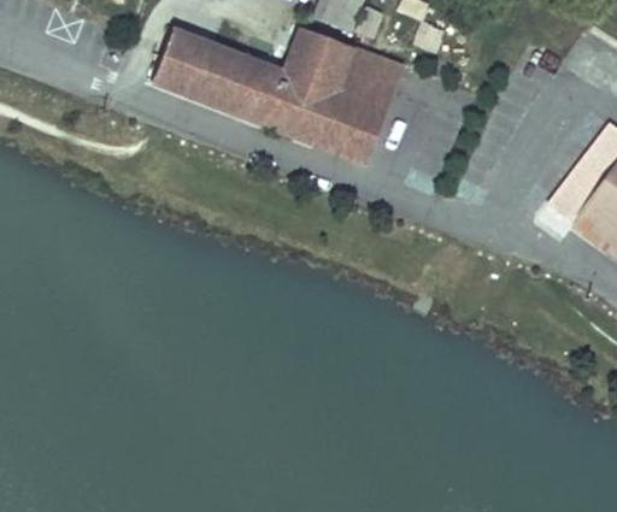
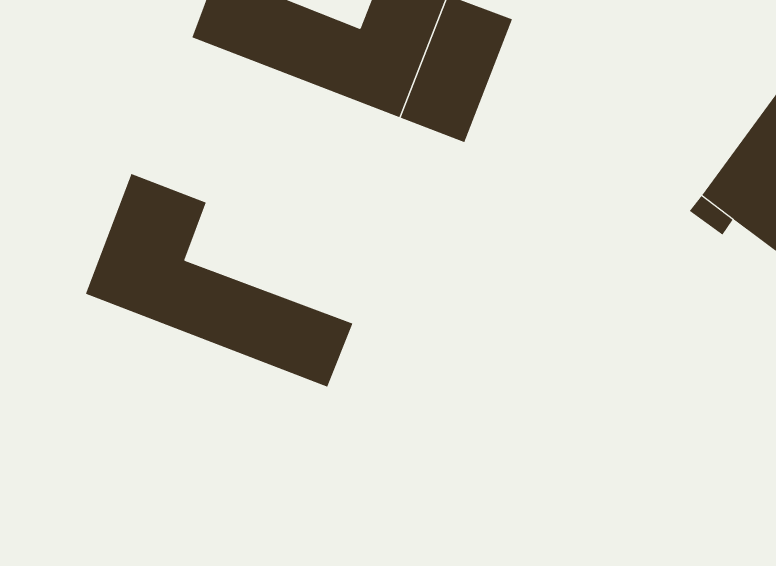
building: none -> [85,173,353,387]

